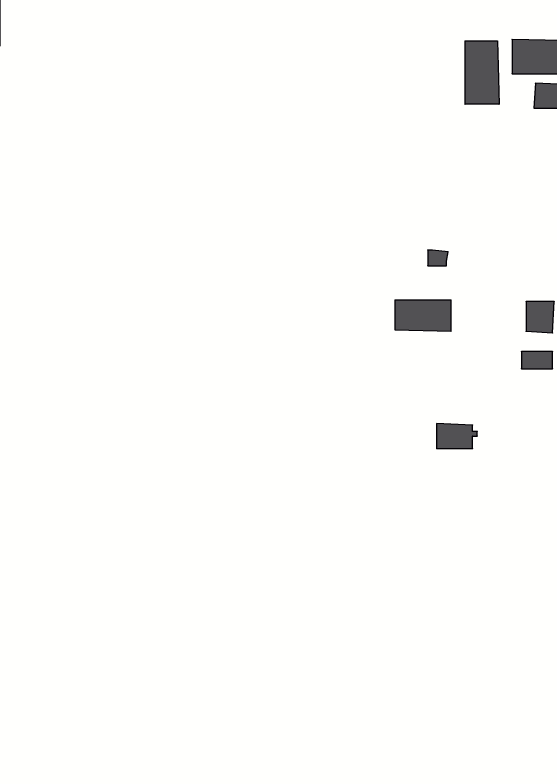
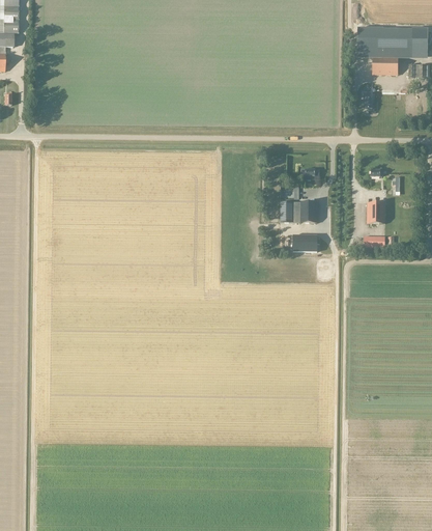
building: [465,41,499,104] -> none
building: [437,424,477,449] -> [293,234,320,251]

